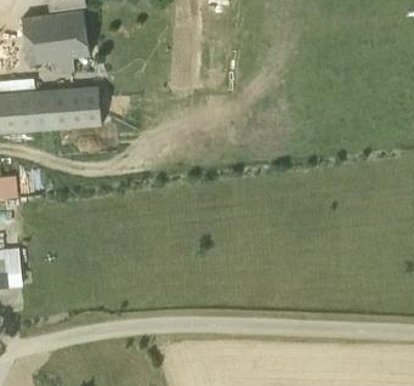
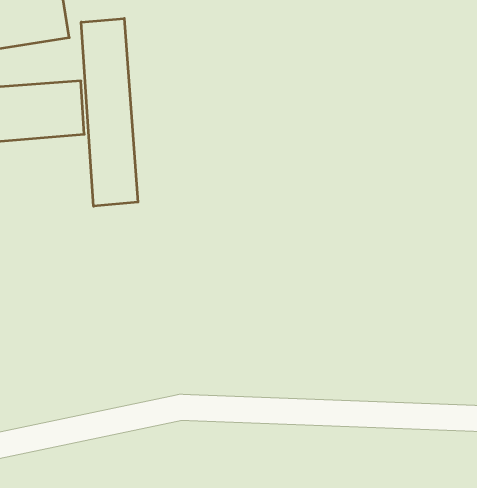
building: none -> [81,18,138,206]

